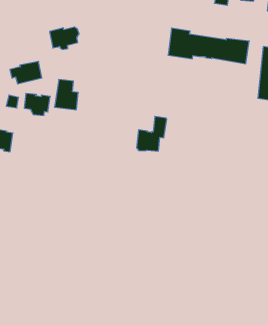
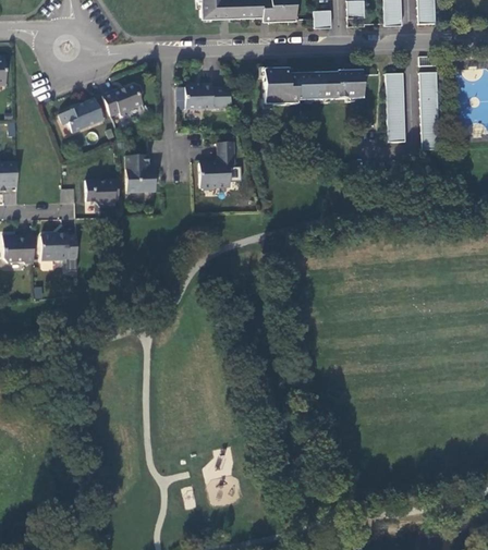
building: none -> [185,86,235,111]
building: [10,61,42,84] -> [59,100,102,134]
building: [137,116,167,151] -> [198,145,233,193]

